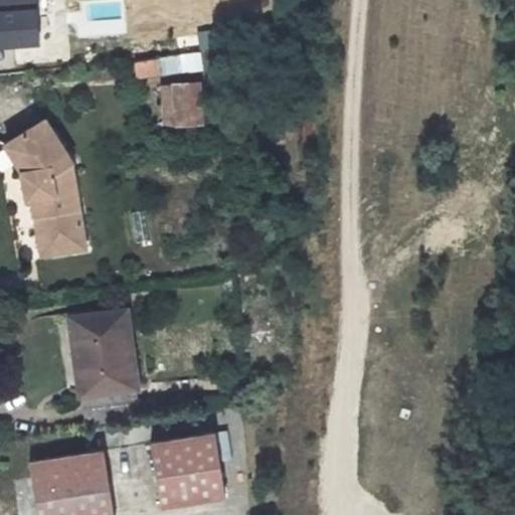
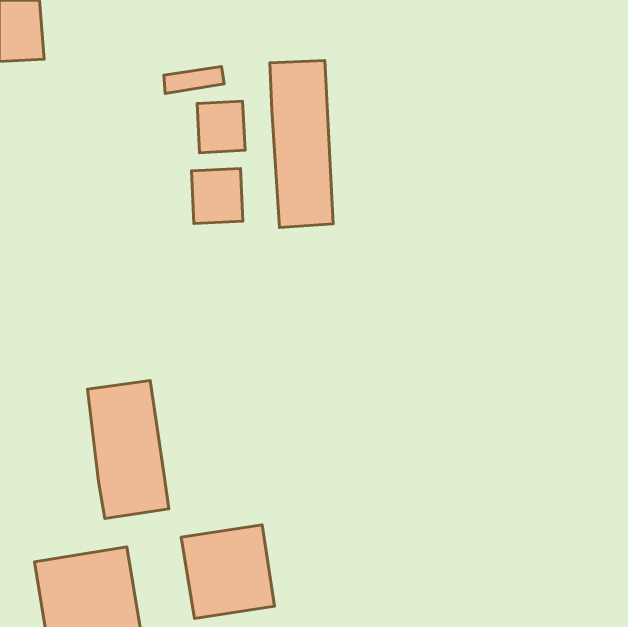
building: none -> [270,61,333,227]
building: [6,121,85,258] -> none
building: none -> [191,169,243,224]

